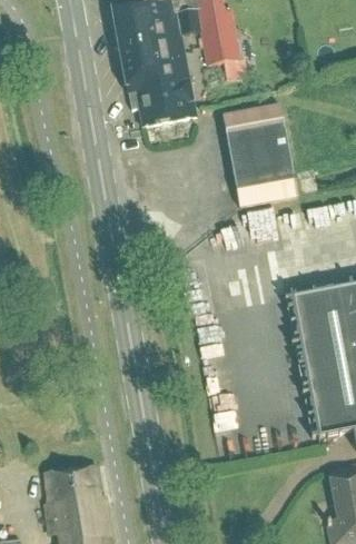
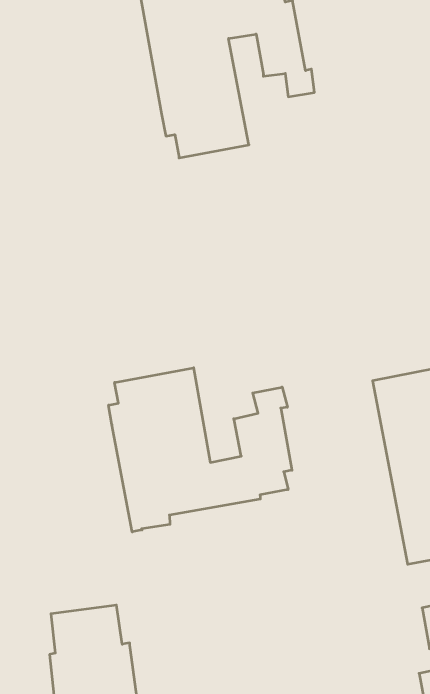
building: [222,102,298,206] -> none
building: none -> [109,368,292,532]

